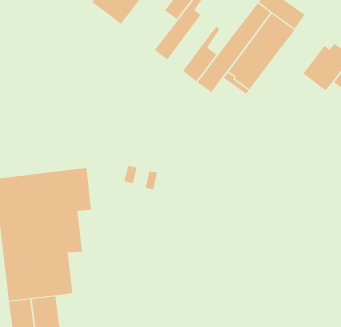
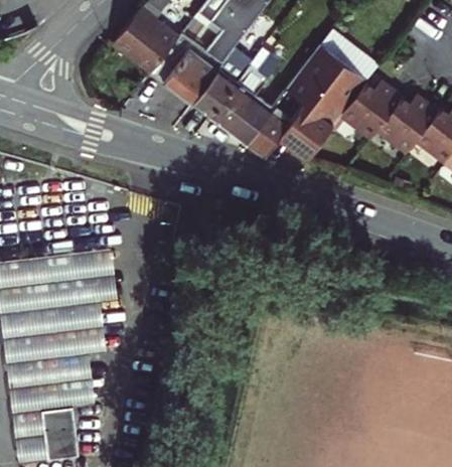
building: none -> [152,44,218,102]
building: none -> [209,54,279,128]
building: none -> [338,79,404,140]

